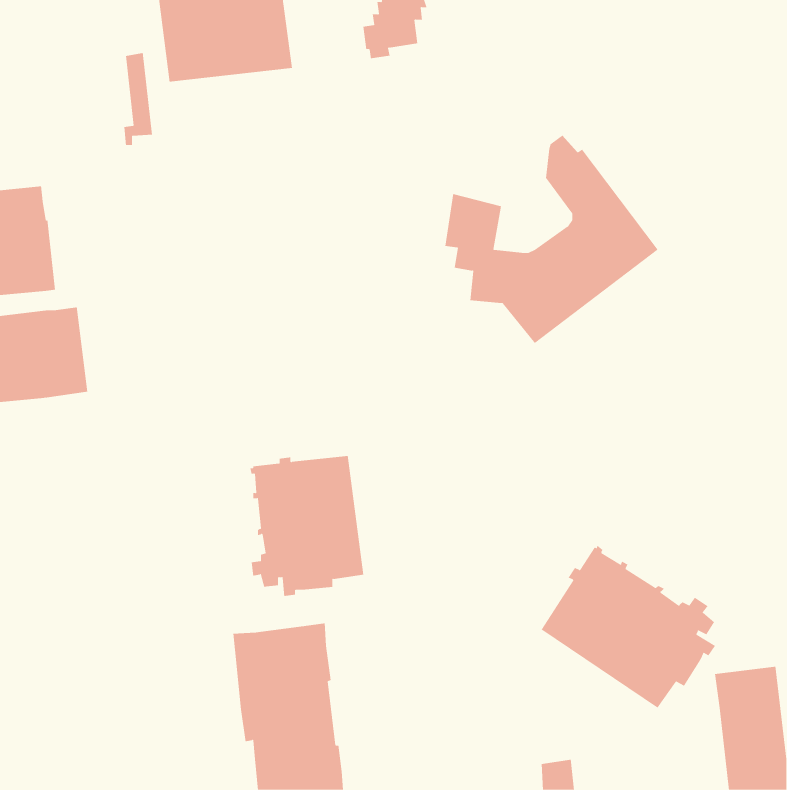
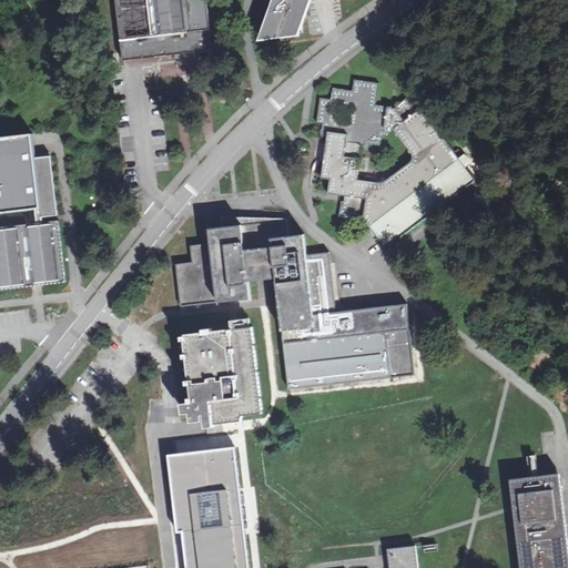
building: [123,53,153,146] -> [33,155,54,222]
building: none -> [314,78,393,149]
building: none -> [168,217,415,392]
building: [541,545,716,708] -> none

